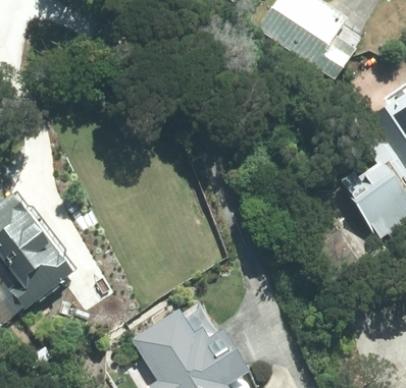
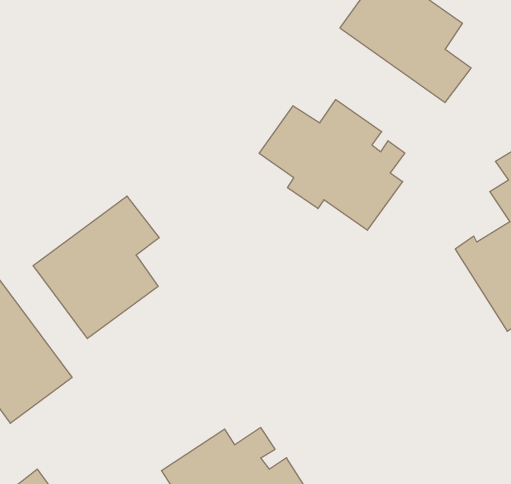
building: none -> [259,100,405,230]
building: none -> [33,196,159,339]

